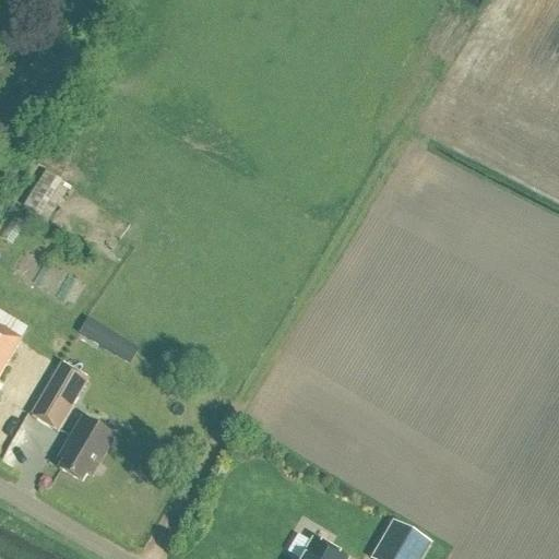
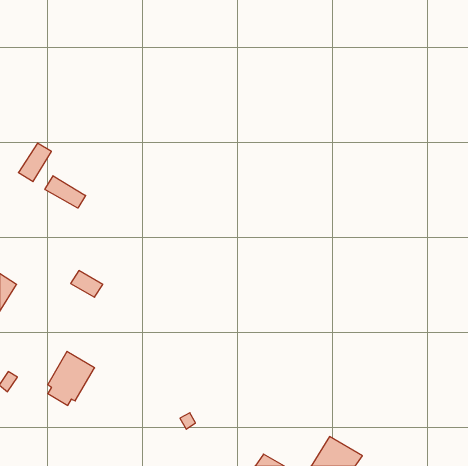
building: none -> [45,176,86,208]
building: [36,356,97,426] -> none

